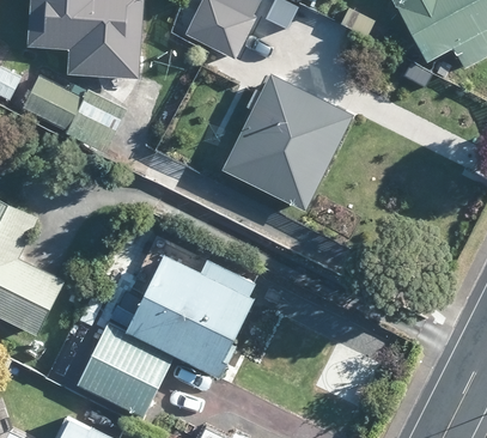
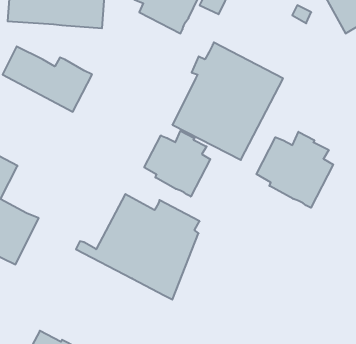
building: none -> [144,131,210,197]
building: none -> [256,132,333,208]
building: [75,322,172,416] -> none

